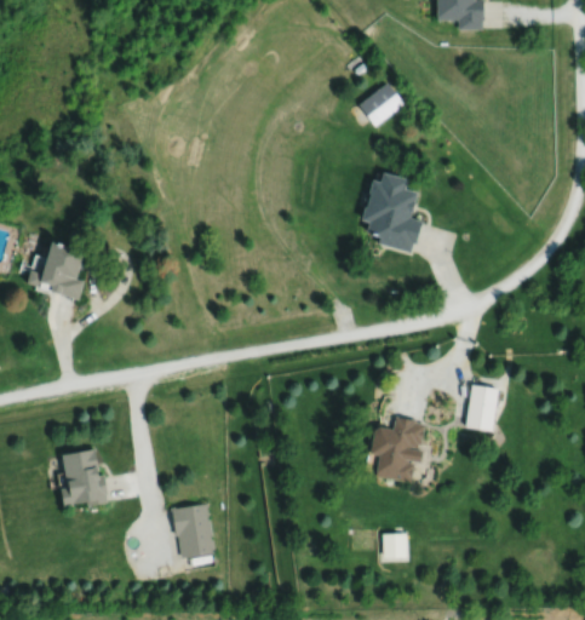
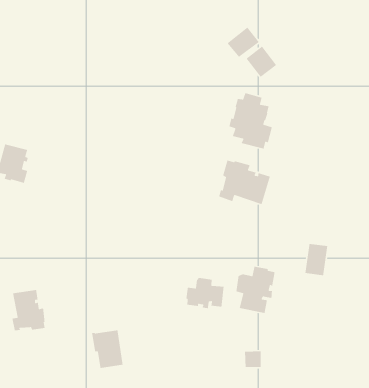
building: none -> [245,46,277,78]
building: none -> [218,159,271,205]
building: none -> [186,277,224,309]

